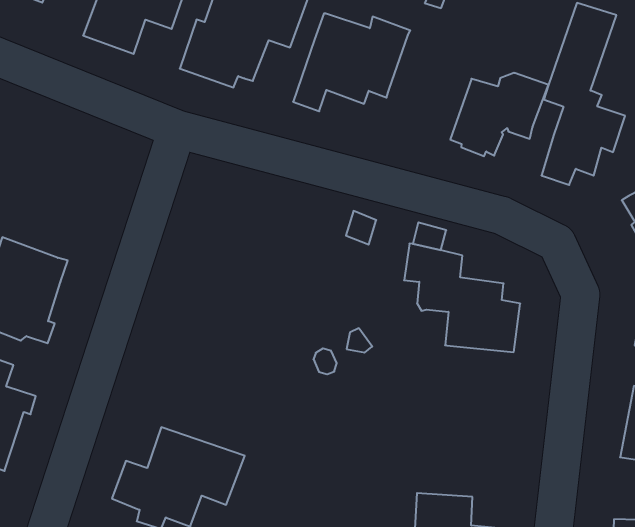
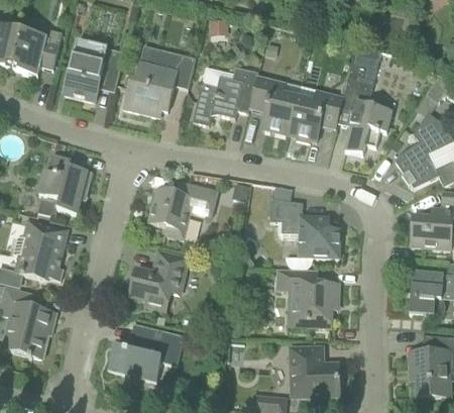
building: none -> [249,75,298,134]
building: none -> [38,153,93,217]
building: none -> [147,184,218,239]
building: none -> [130,251,188,309]
building: none -> [275,268,338,327]

